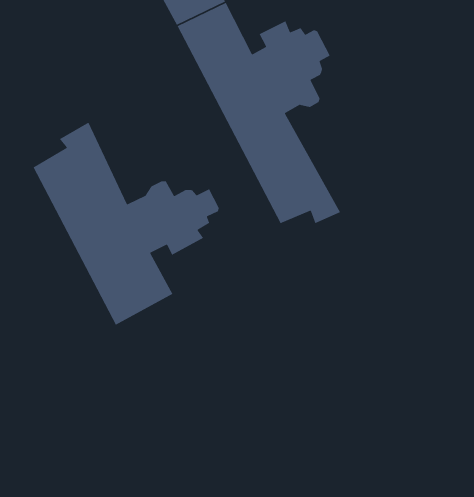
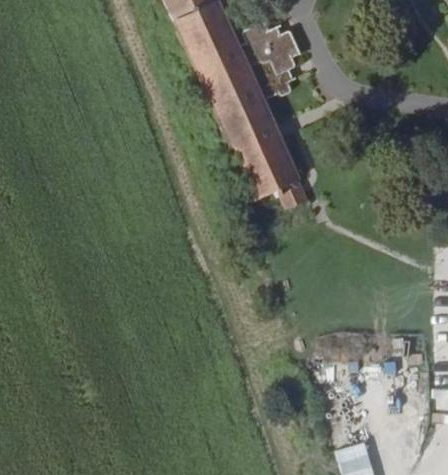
building: [32,121,220,326] -> none

